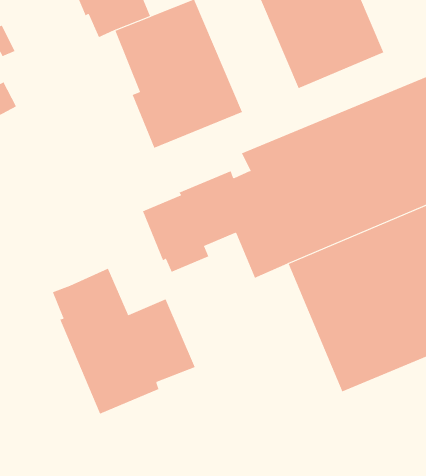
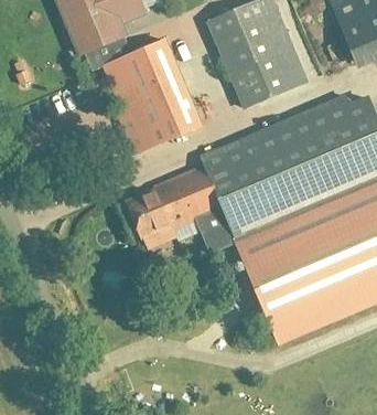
building: [52,268,195,415] -> none

